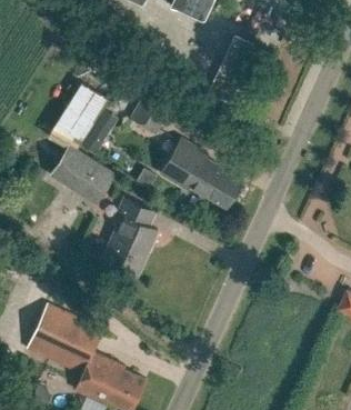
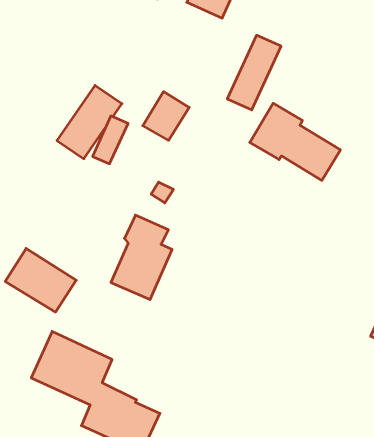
building: [160,139,242,209] -> [250,103,340,180]
building: [50,146,114,203] -> [5,248,76,312]

